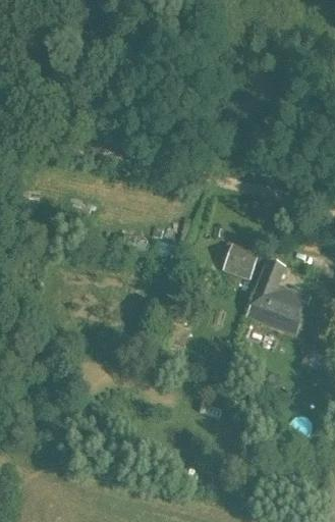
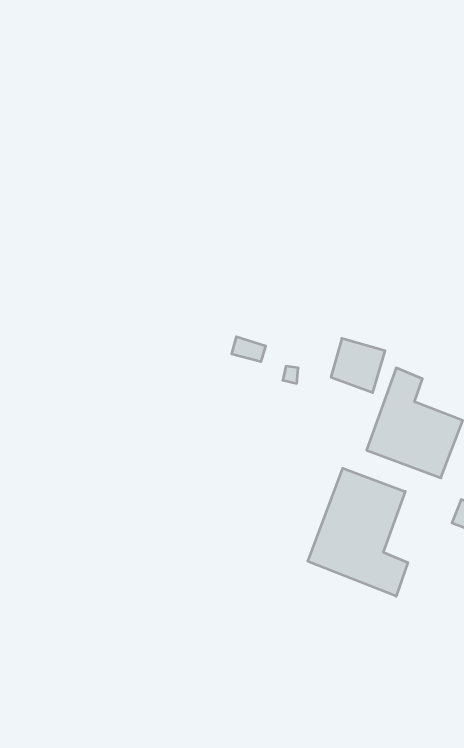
building: none -> [308,468,408,596]

